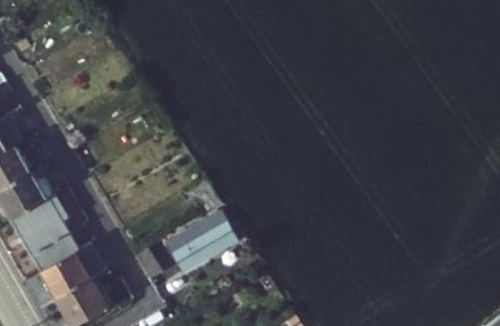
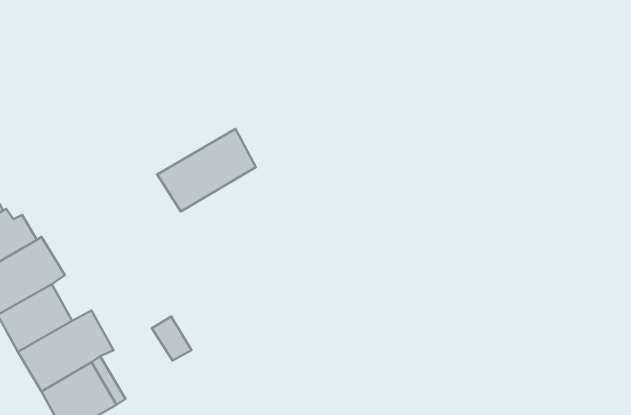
building: [161,215,229,271] -> [157,129,256,211]

